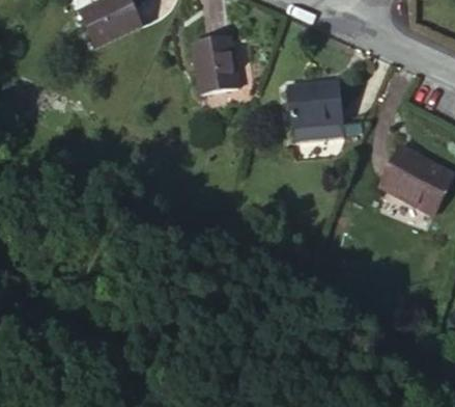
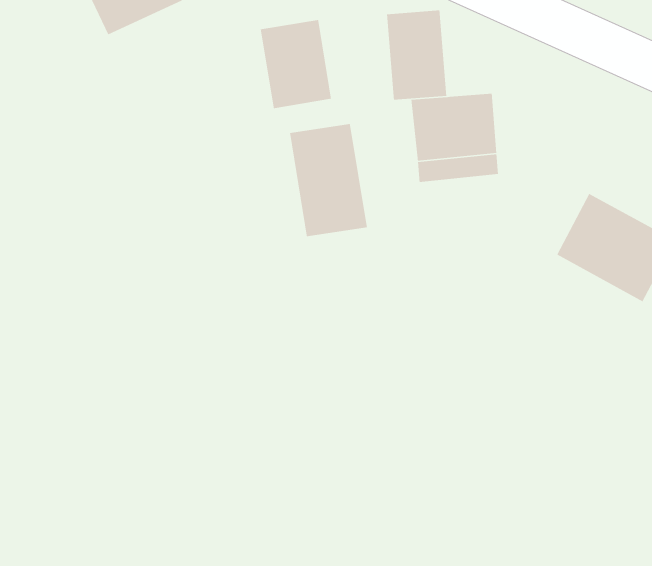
building: none -> [386,10,447,101]
building: none -> [289,123,368,237]

